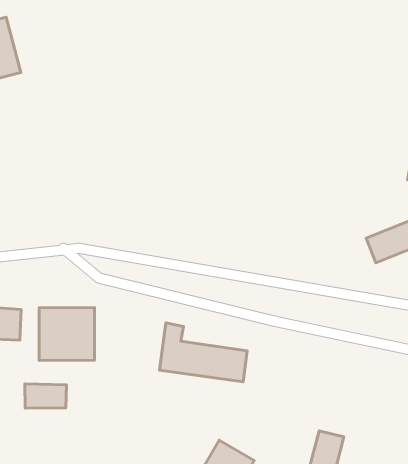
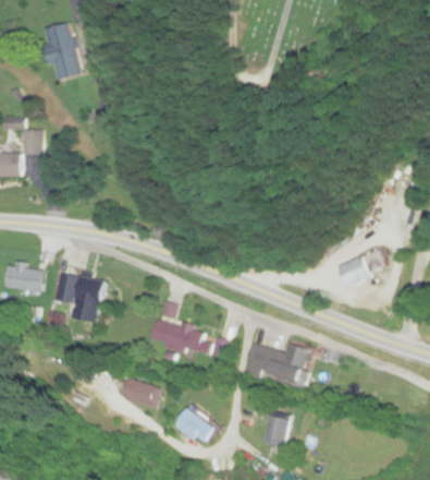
building: none -> [245,340,310,385]
building: [25,384,67,408] -> none
building: none -> [124,379,160,408]

